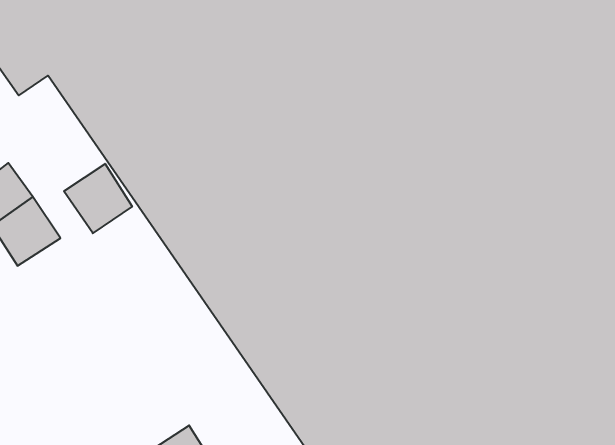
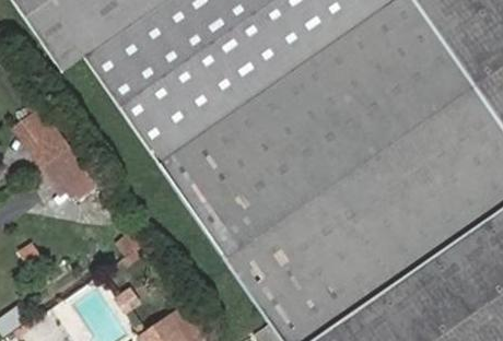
building: [64,164,132,233] -> none

